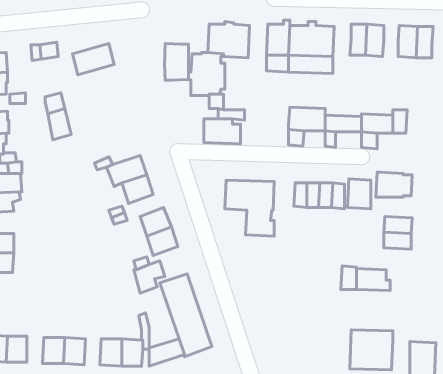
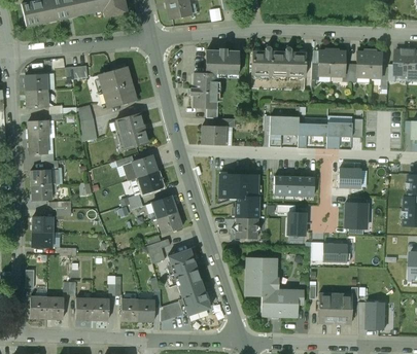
building: [164,43,188,80] -> none
building: none -> [102,82,136,107]
building: none -> [115,111,148,149]
building: [347,179,371,209] -> [286,212,305,236]
building: none -> [231,217,260,238]
building: none -> [245,257,303,316]

